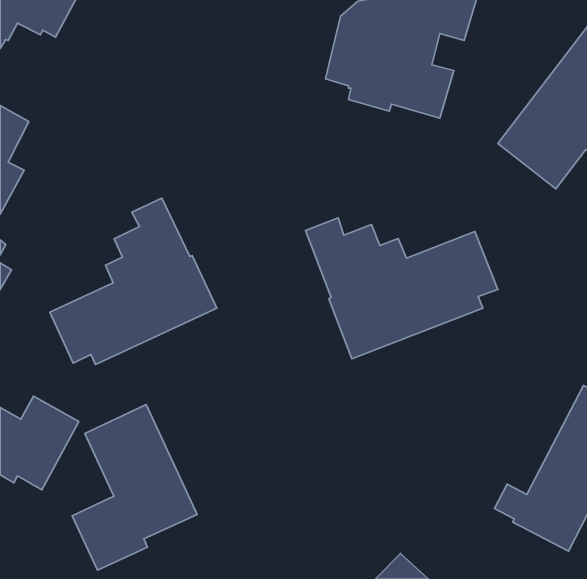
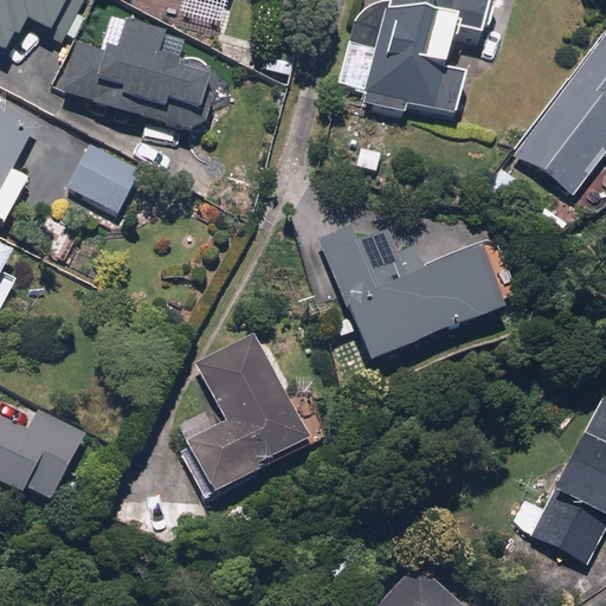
building: none -> [59,11,212,133]
building: none -> [67,140,141,209]
building: [50,198,217,365] -> none
building: [72,405,197,570] -> [179,329,307,498]

